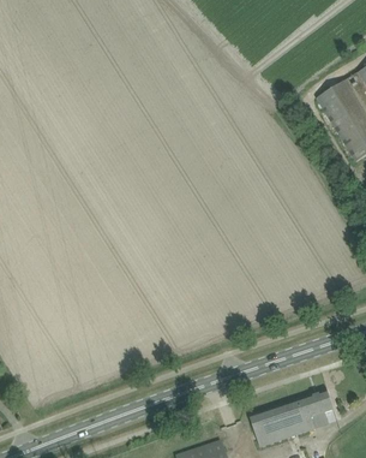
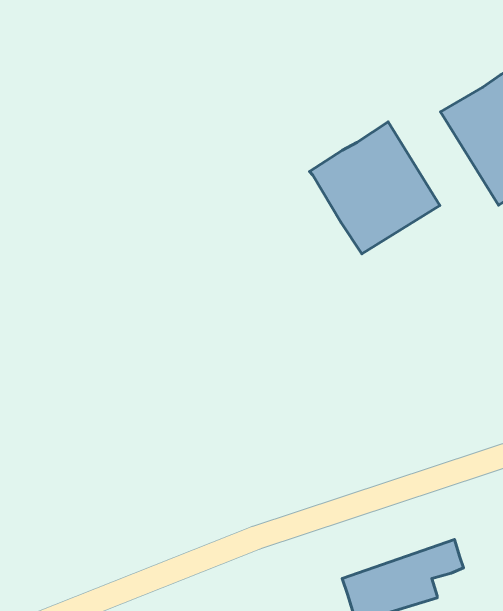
building: none -> [310,122,440,254]

